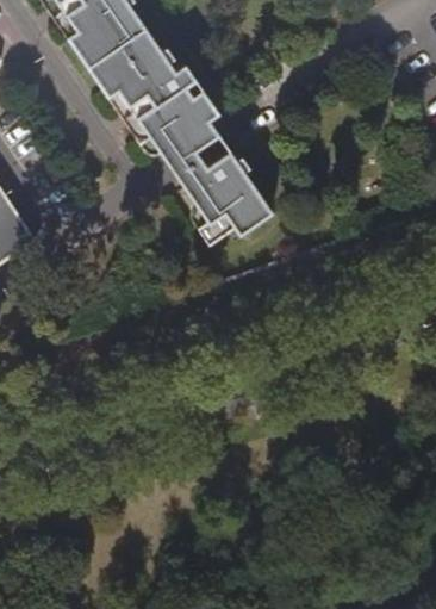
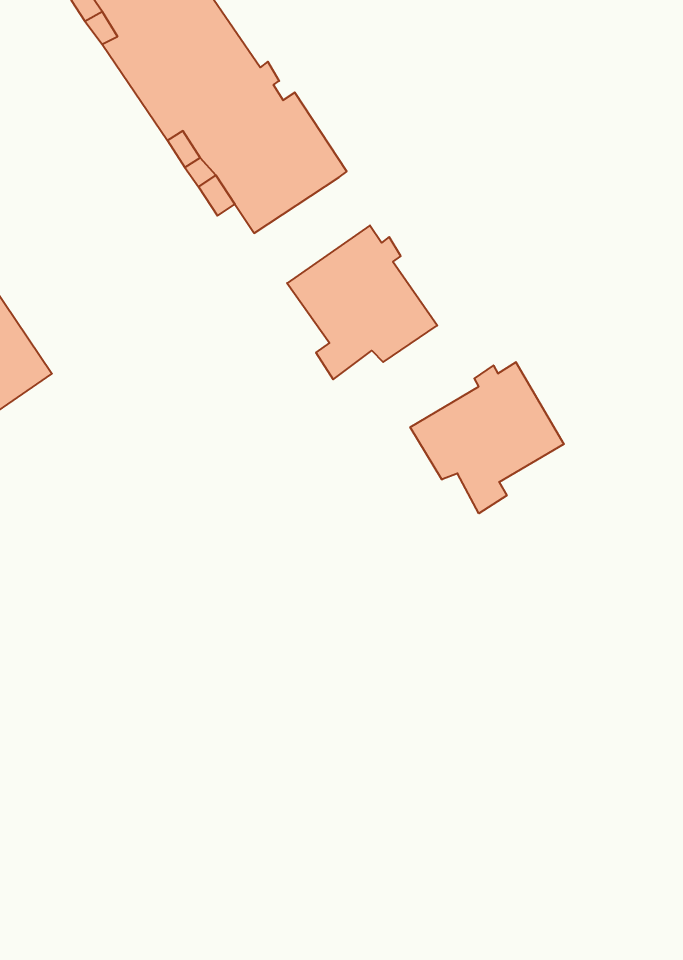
building: [160,119,231,185] -> none
building: none -> [410,362,564,513]

